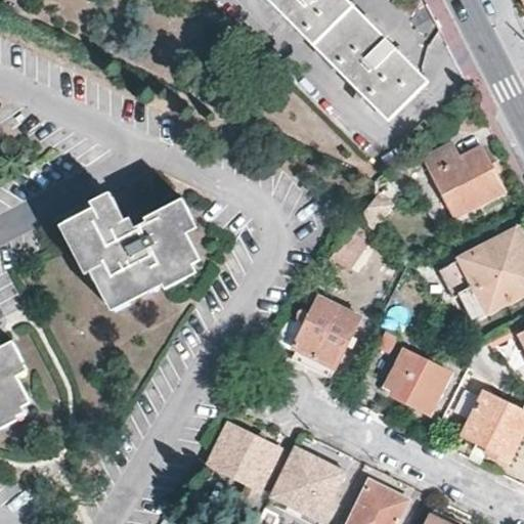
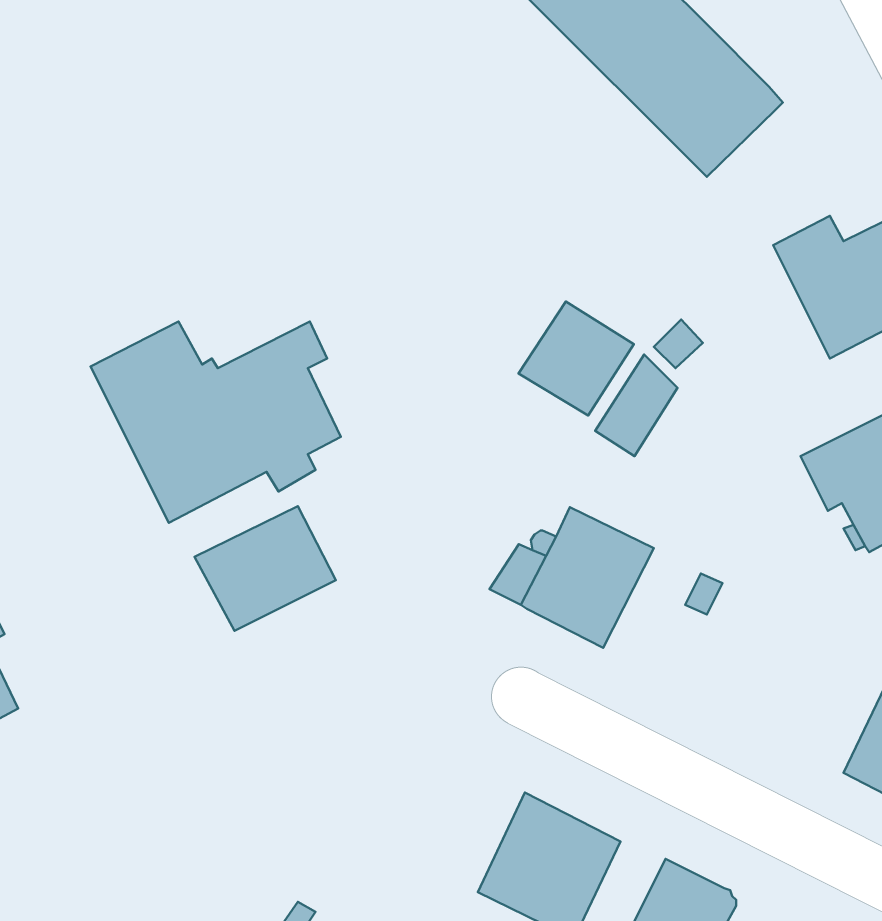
building: none -> [519,301,634,416]
building: none -> [195,506,336,631]
building: [386,350,450,411] -> none
building: [208,422,278,489] -> none

